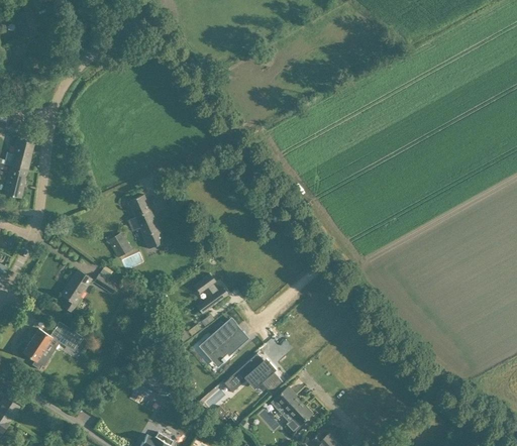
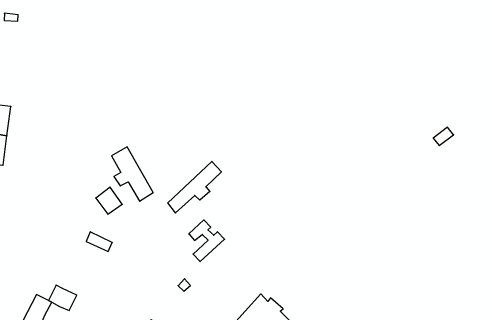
building: none -> [168,161,221,213]
building: [61,269,91,312] -> none
building: [201,319,241,362] -> none

